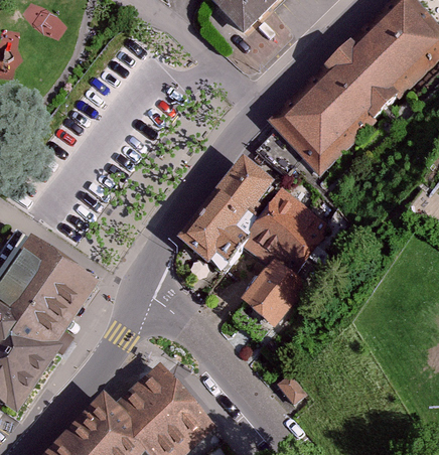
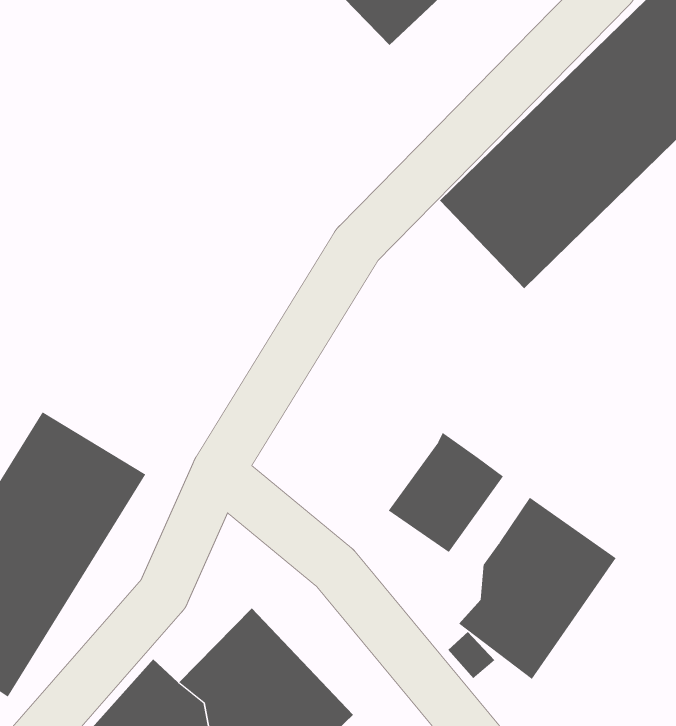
building: [180,158,276,263] -> none
building: [245,193,327,273] -> none
building: none -> [458,497,617,680]

